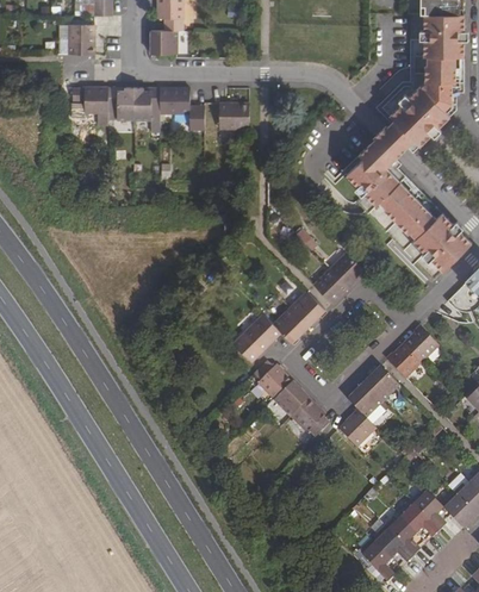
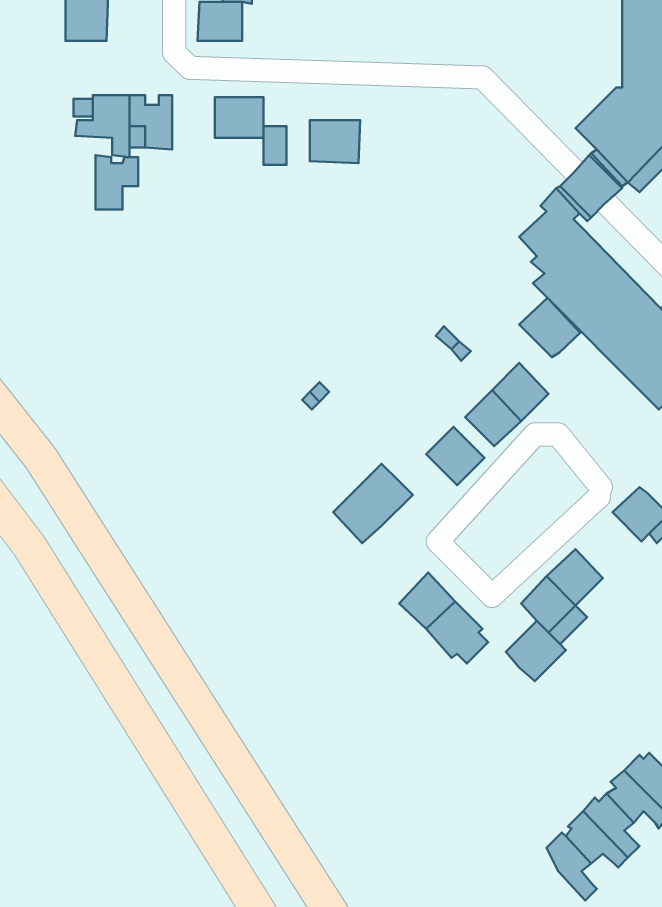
building: [135,87,161,120] -> [95,155,138,210]
building: none -> [519,298,580,357]
building: [274,307,310,343] -> none
building: [388,343,423,378] -> none
building: [254,361,292,399] -> none

